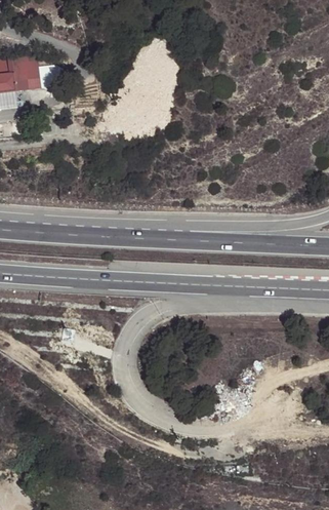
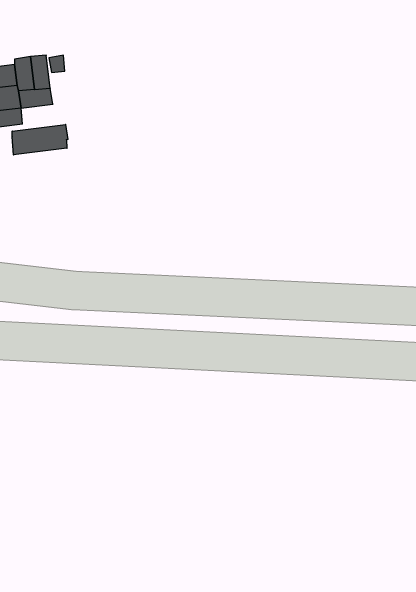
building: none -> [12,124,68,155]

